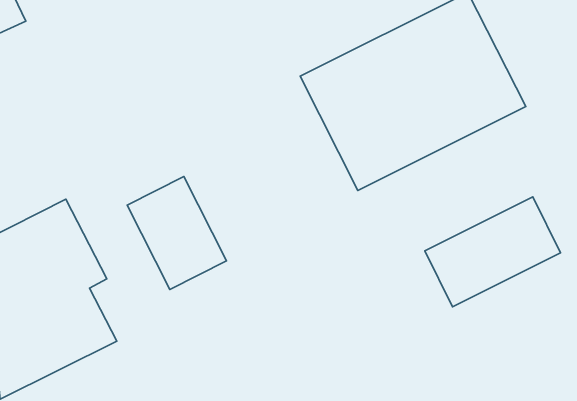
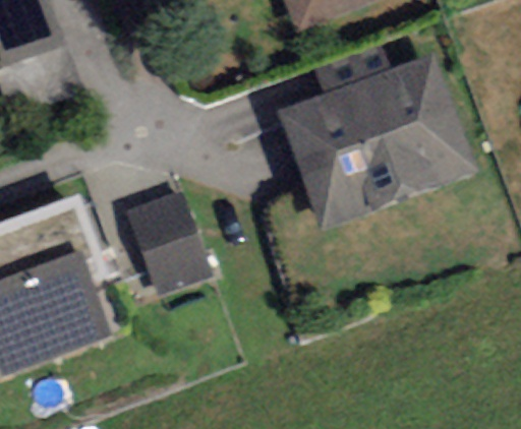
building: [425,197,560,307] -> none

